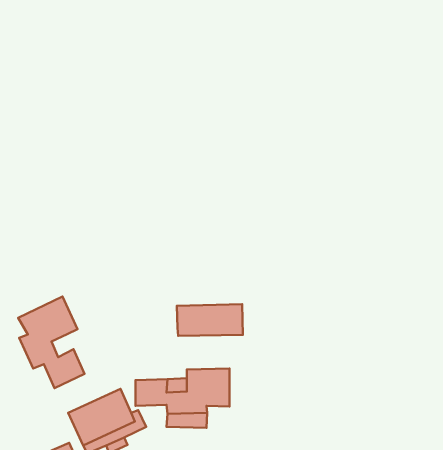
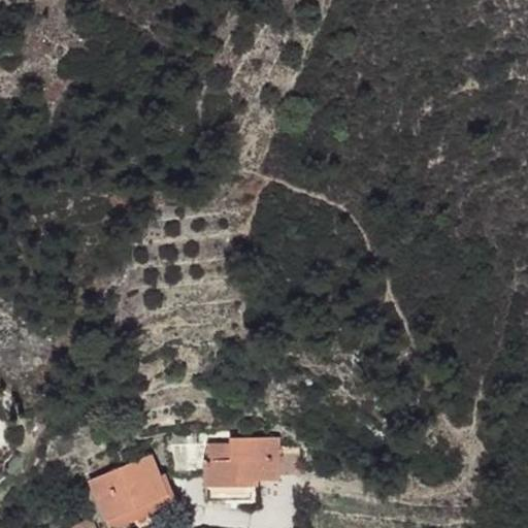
building: [18,297,84,388] -> none
building: [177,304,243,336] -> none

